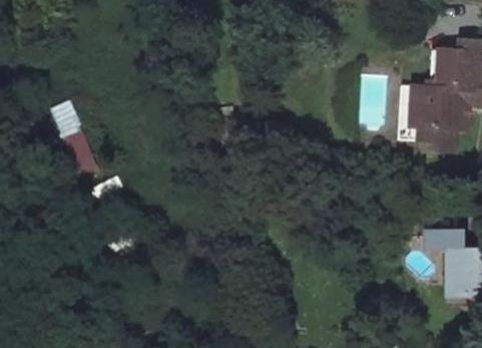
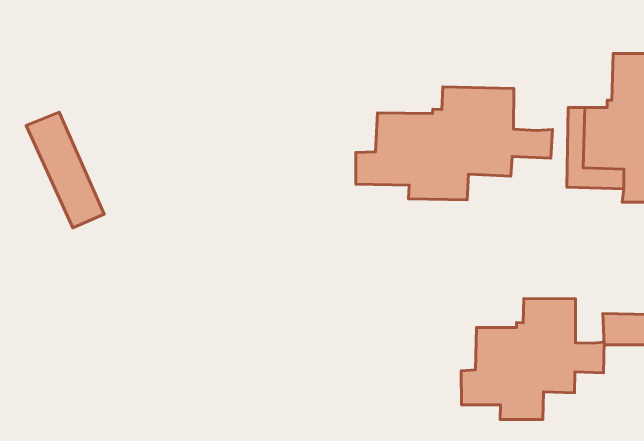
building: none -> [356,87,553,200]
building: none -> [461,298,604,419]

